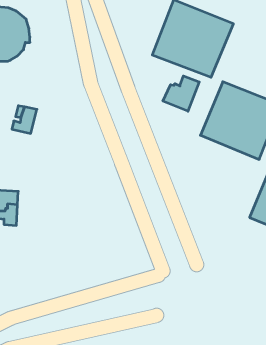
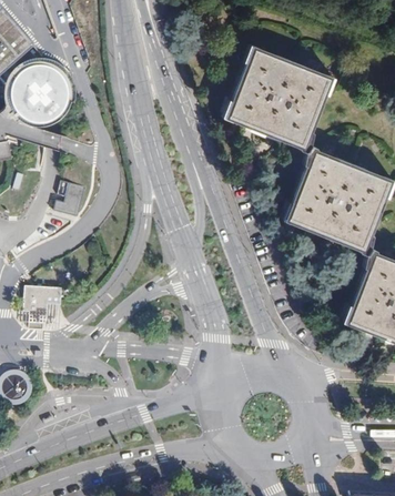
building: [163,76,199,111] -> none

